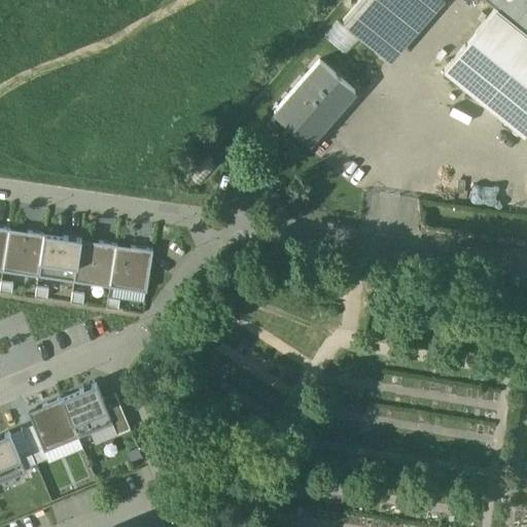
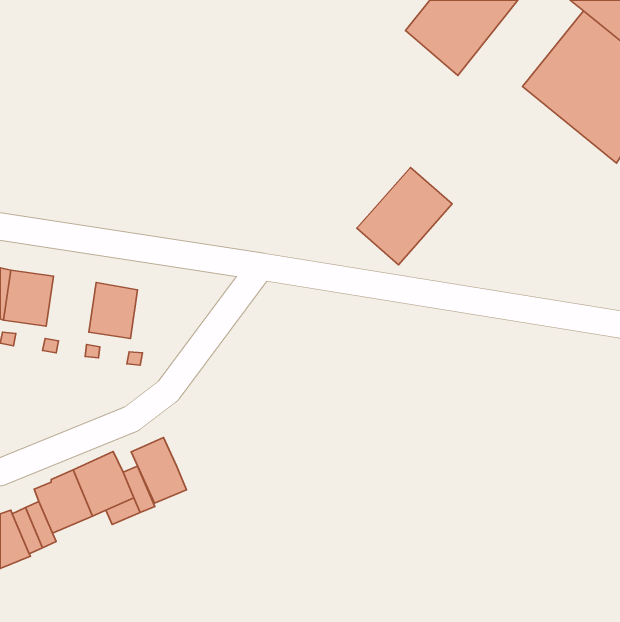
building: [274,62,354,144] -> [357,167,452,265]
building: [41,234,83,281] -> none
building: [112,245,154,291] -> none
building: none -> [131,437,186,503]

